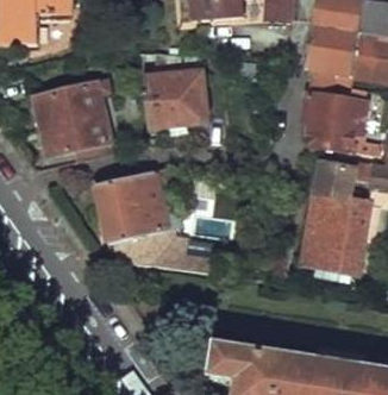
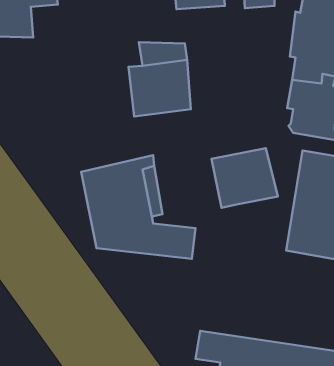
building: [37,81,113,161] -> none
building: none -> [212,148,278,208]

